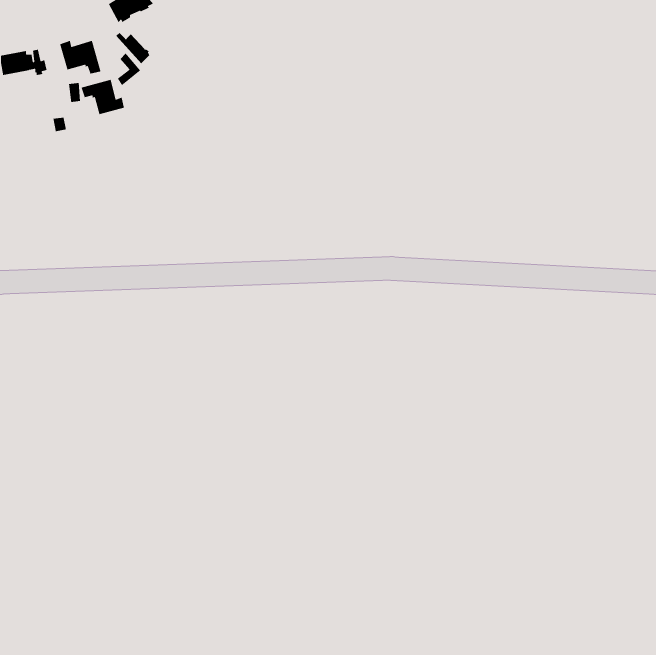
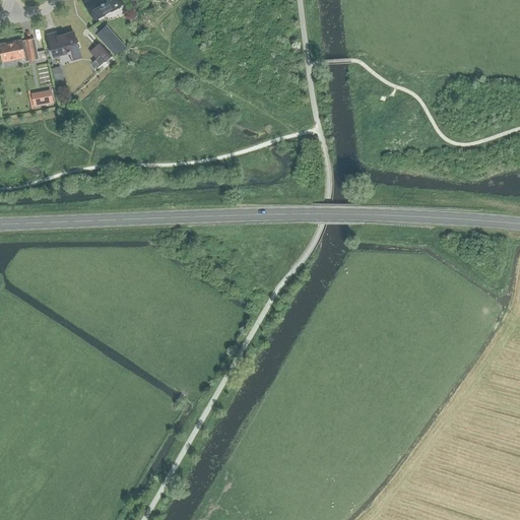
building: [81,79,125,115] -> none

